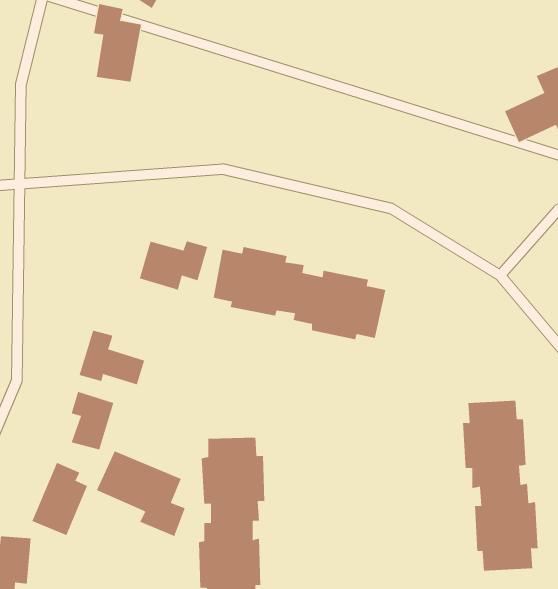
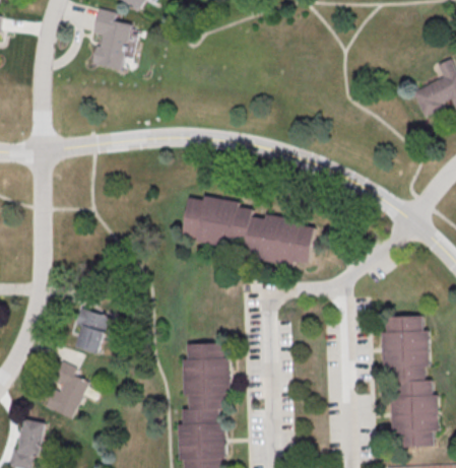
building: [139,241,208,291] -> none
building: [79,330,145,385] -> none
building: [96,451,186,537] -> none

